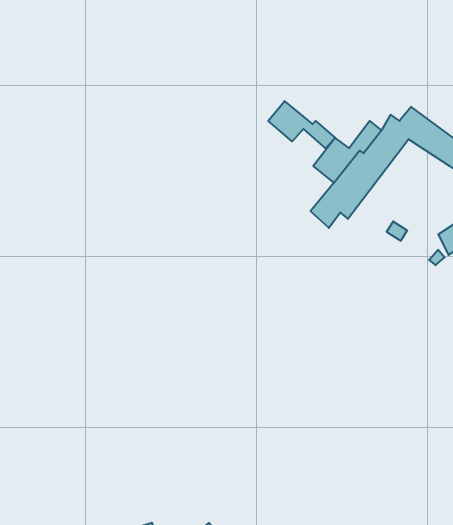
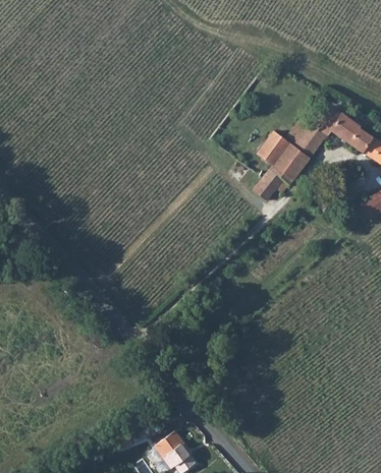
building: [268,101,335,149] -> none

